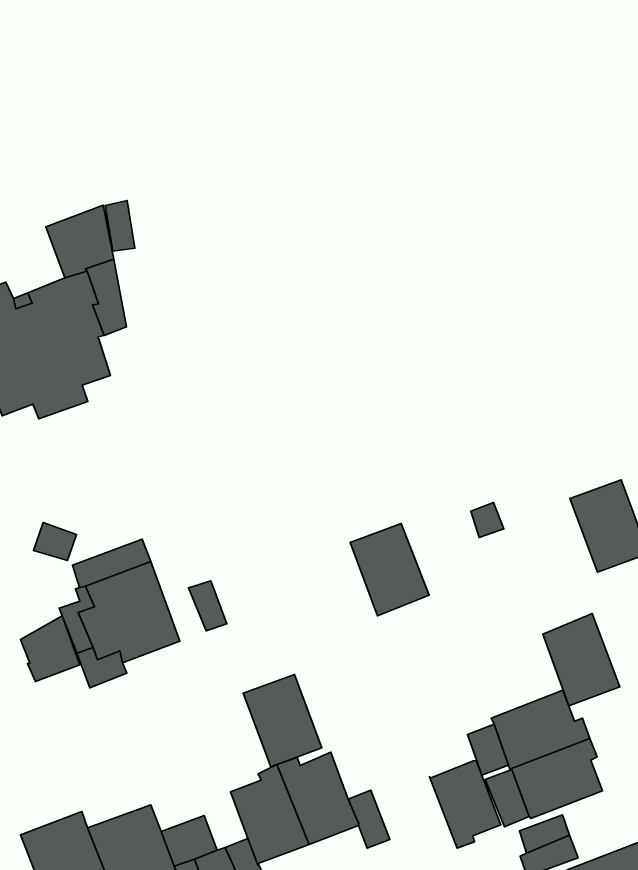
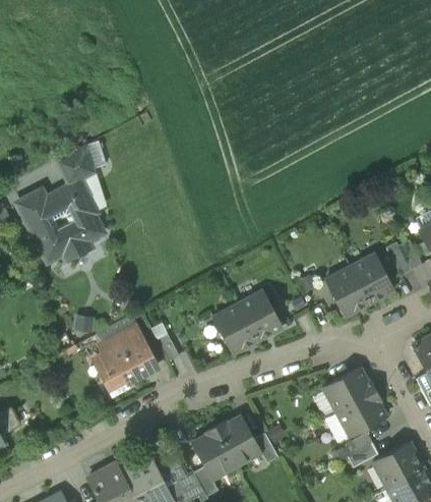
building: [543,613,620,706] -> [325,267,369,317]
building: [20,616,80,681] -> none
building: [243,674,322,767] -> [212,304,257,354]
building: [430,761,501,848] -> none

